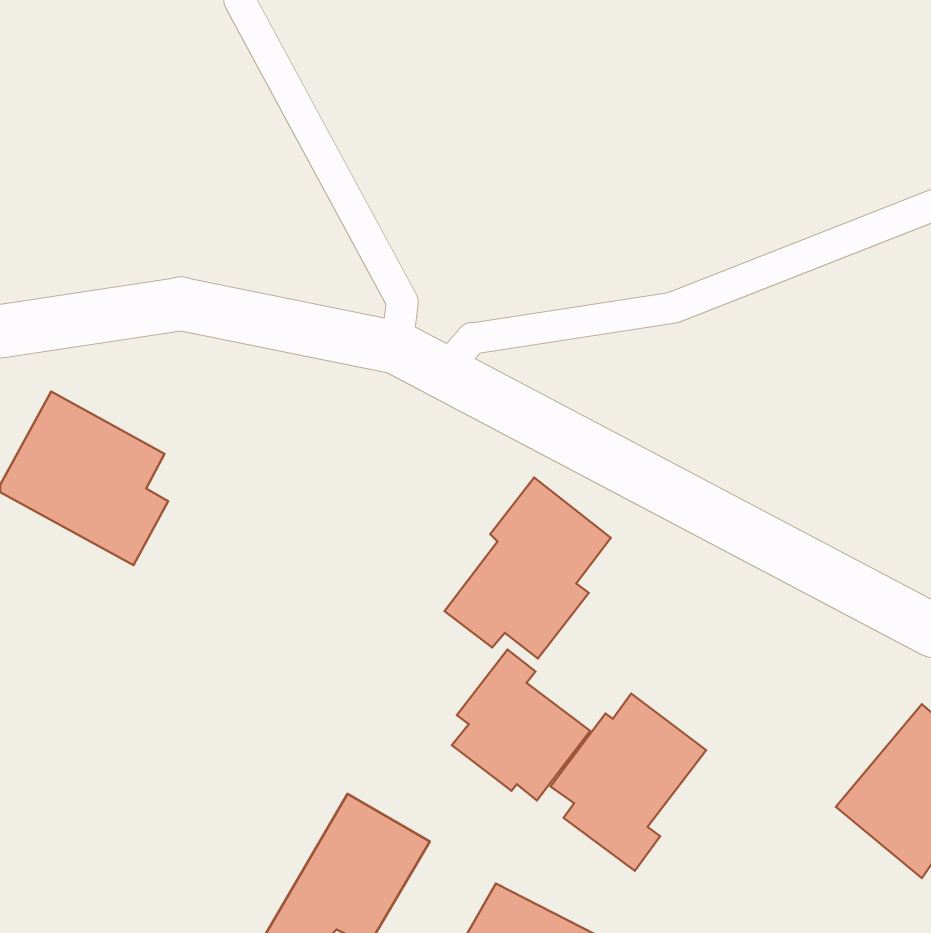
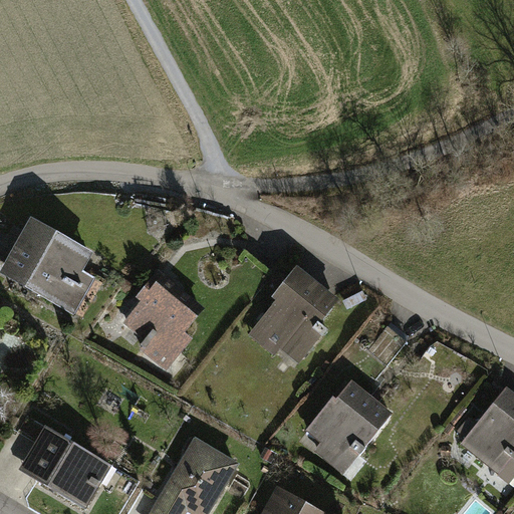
building: none -> [123,273,204,370]
building: [452,650,590,800] -> none
building: none -> [18,426,111,509]

